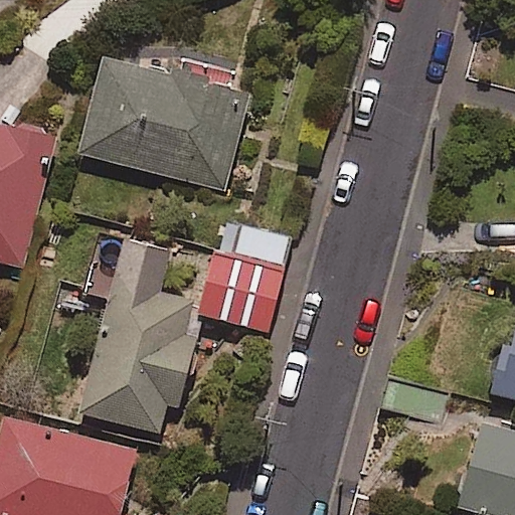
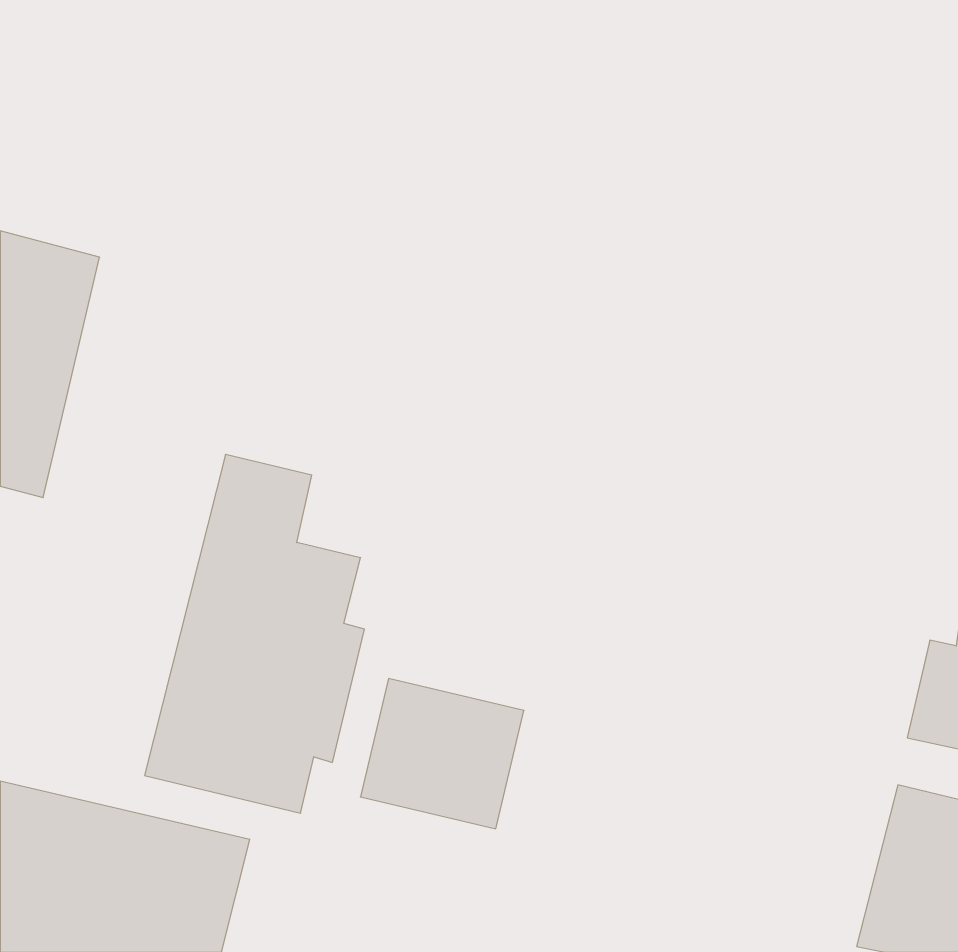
building: [75,55,248,188] -> none
building: [197,249,285,330] -> [360,679,524,829]

